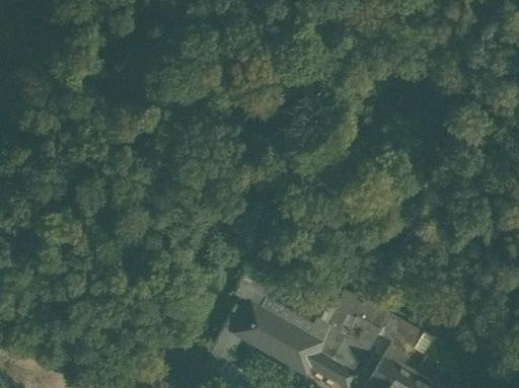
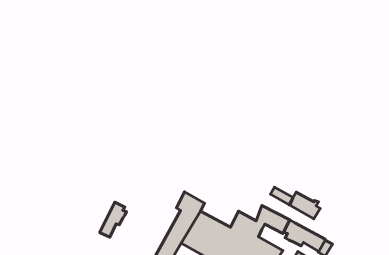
building: none -> [100,202,126,237]
building: [340,312,378,345] -> [290,192,320,219]

